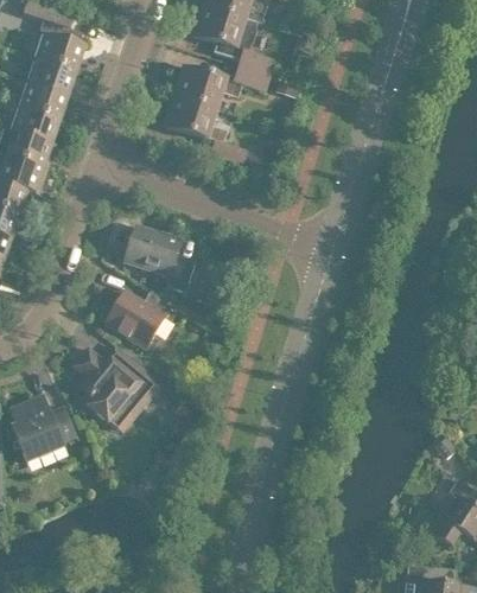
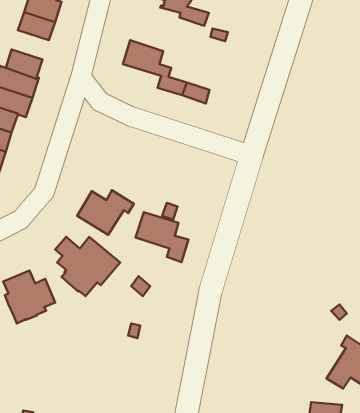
building: [173,64,269,108] -> none
building: [19,81,68,119] -> none
building: [125,225,193,291] -> [136,212,189,262]

